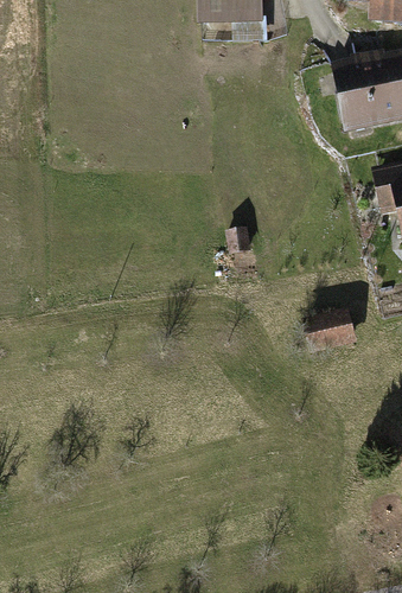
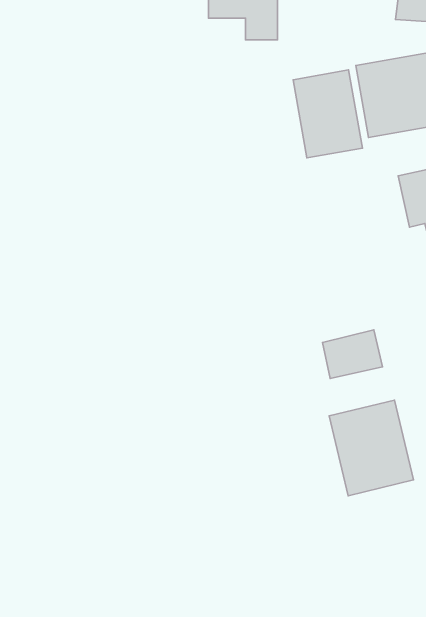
building: none -> [293,70,363,158]
building: none -> [329,400,414,496]

